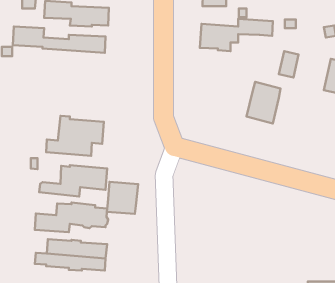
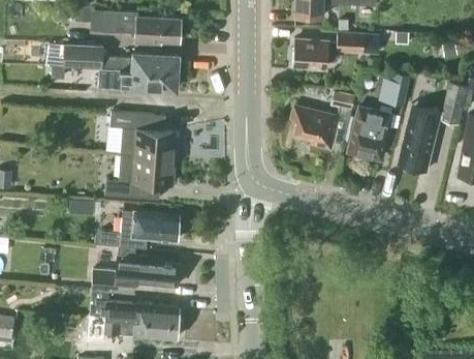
building: none -> [99,69,176,90]
building: none -> [291,91,355,148]
building: none -> [399,104,440,171]
building: none -> [109,112,177,158]
building: [107,182,138,214] -> none

